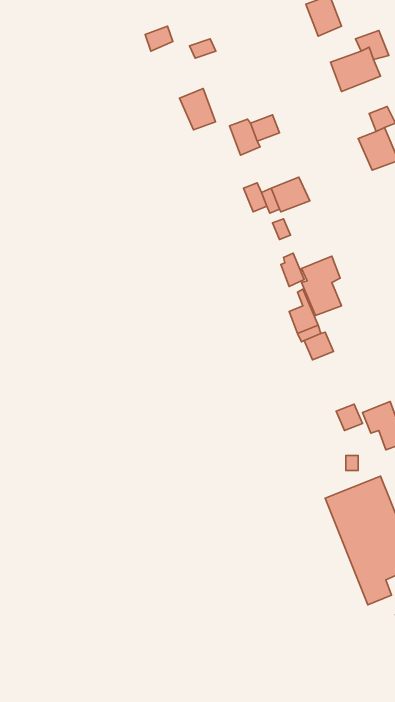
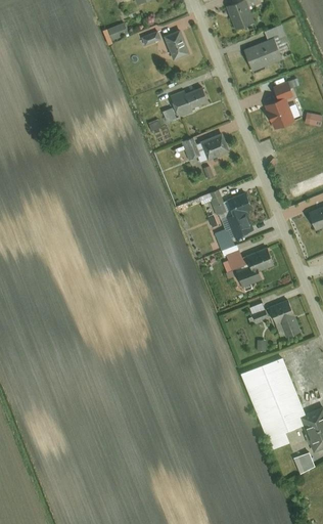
building: [180,88,216,130] -> [163,30,189,60]
building: none -> [236,246,273,286]

